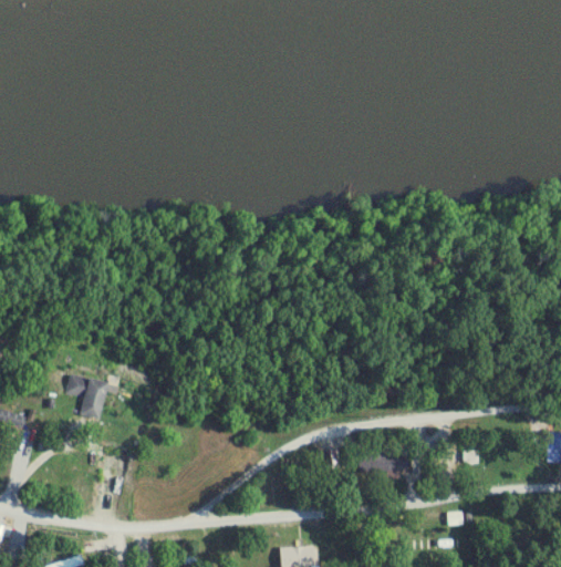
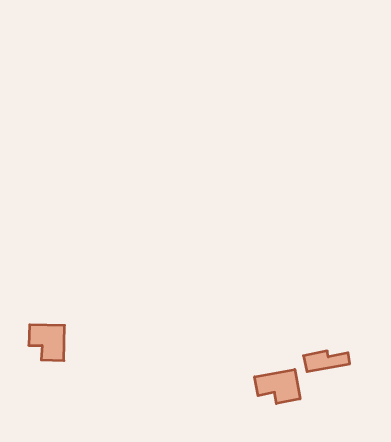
building: none -> [255,369,300,404]

